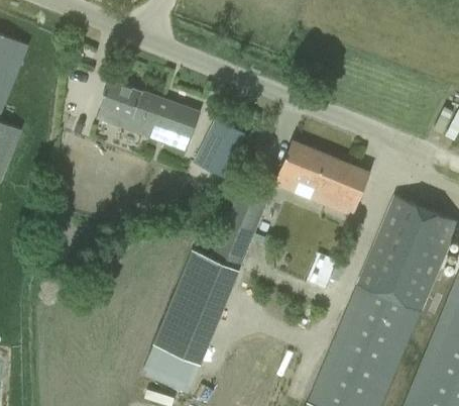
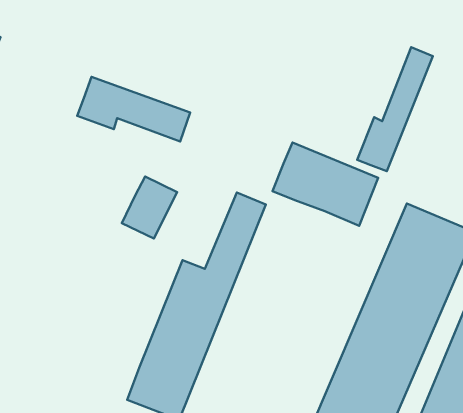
building: none -> [357,47,433,171]
building: [195,119,245,176] -> [122,177,177,239]

